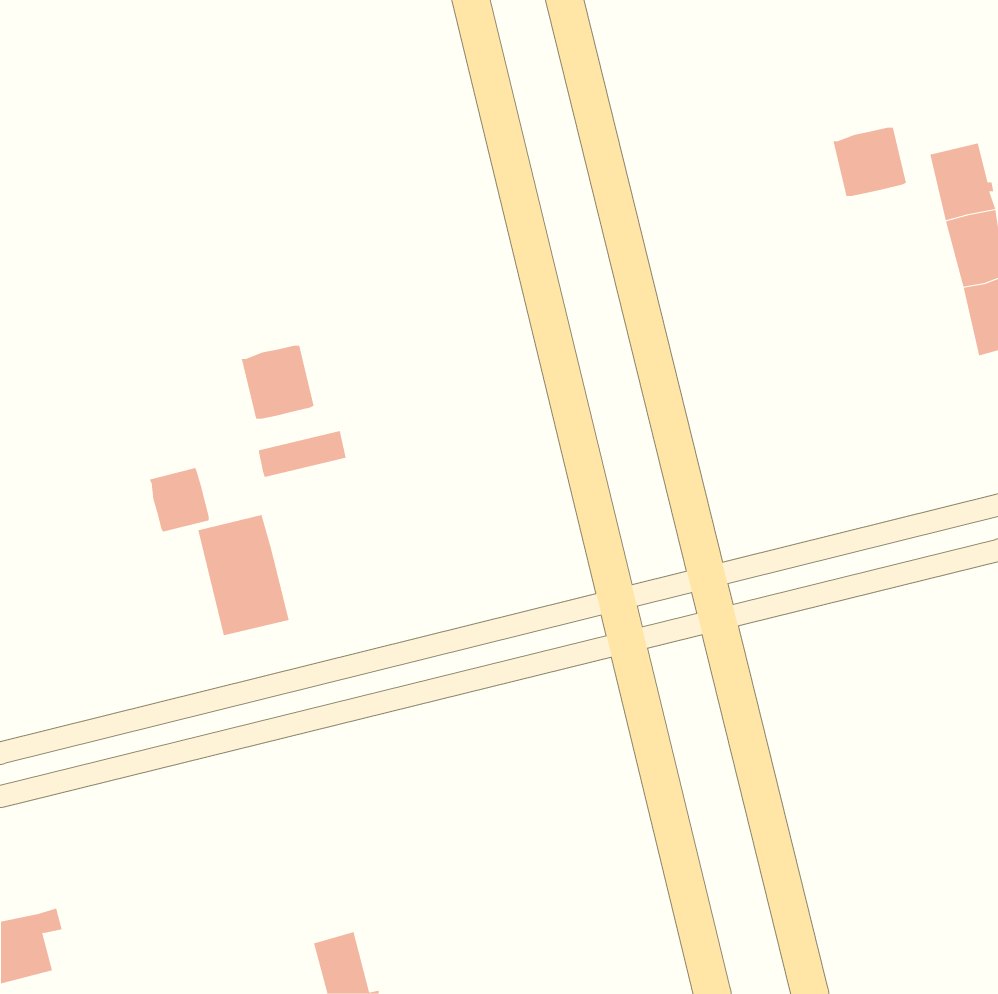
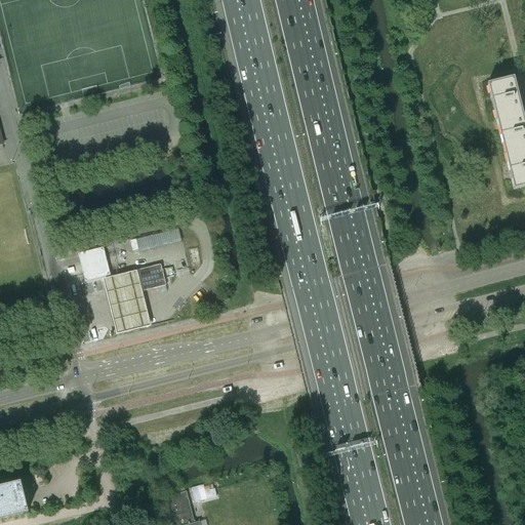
building: [833,127,906,197] -> none
building: [241,345,314,419] -> none
building: none -> [140,262,166,287]

